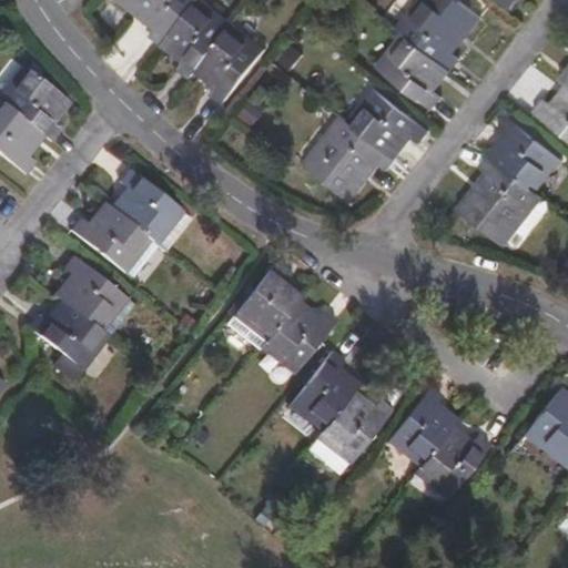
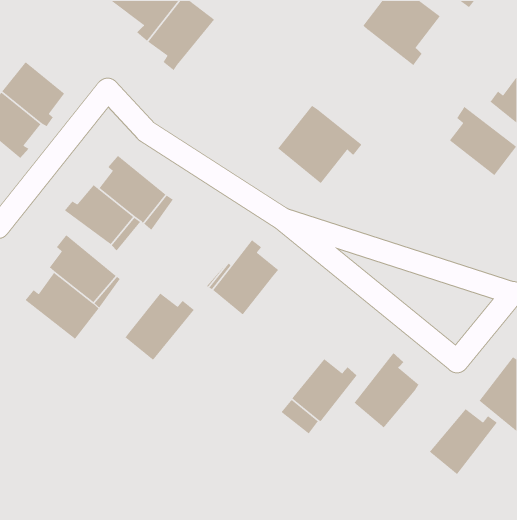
building: [194,21,267,104] -> none
building: [376,33,452,110] -> none
building: [347,87,429,158] -> none
building: [458,153,545,246] -> none
building: [261,301,337,375] -> [125,293,195,361]
building: [286,348,358,433] -> none
building: [414,426,489,499] -> [429,408,498,475]

